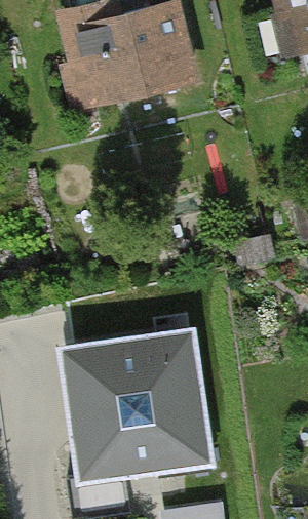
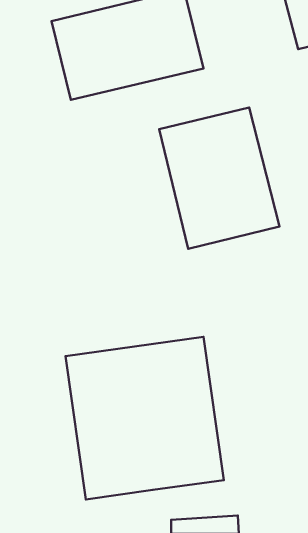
building: none -> [159,107,279,249]

